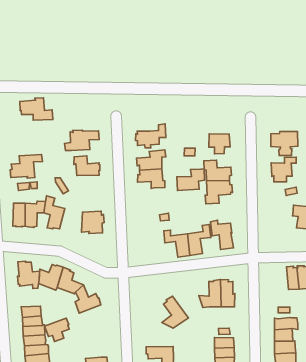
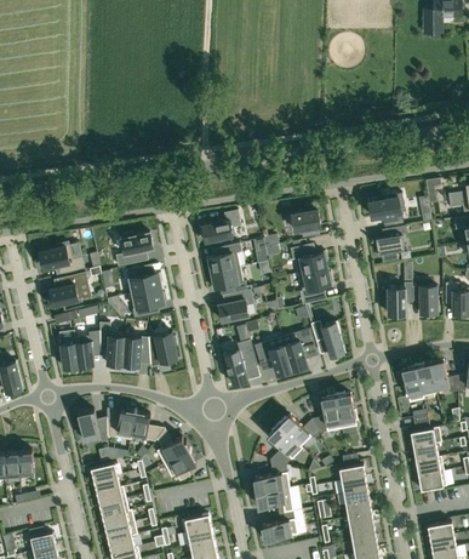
building: [20,98,53,120] -> [40,244,85,274]
building: [177,169,204,191] -> [218,290,253,323]
building: none -> [133,289,166,319]
building: none -> [388,284,413,316]
building: none -> [124,337,151,366]
building: none -> [224,341,257,387]
building: none -> [402,366,424,404]
building: none -> [279,416,319,447]
building: [44,318,69,341] -> [165,451,196,483]
building: none -> [254,461,290,495]

